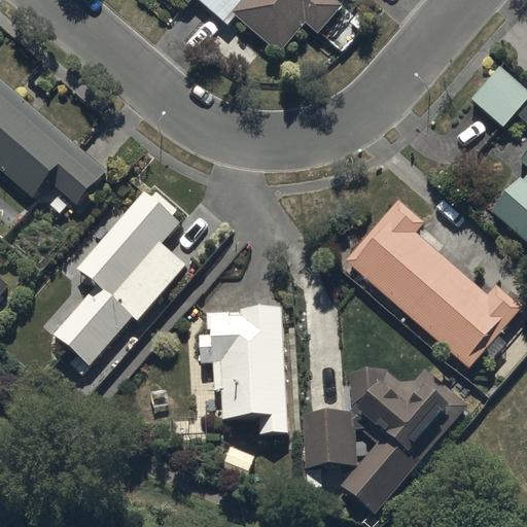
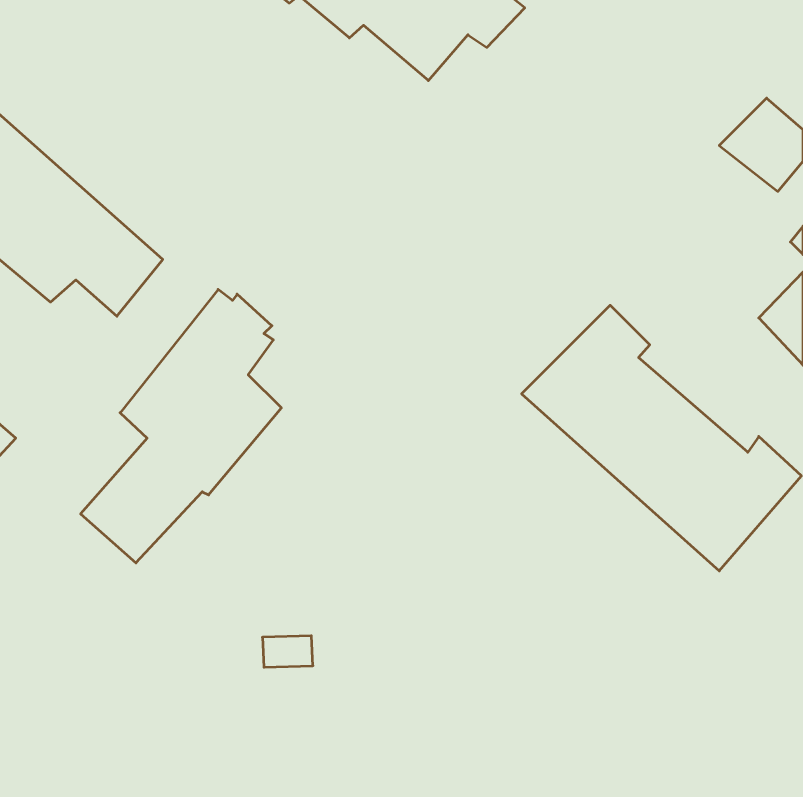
building: [200,309,287,435] -> none
building: [300,368,467,514] -> none

